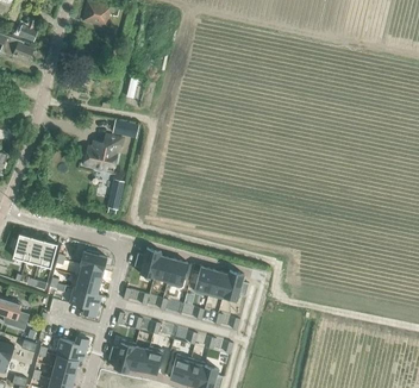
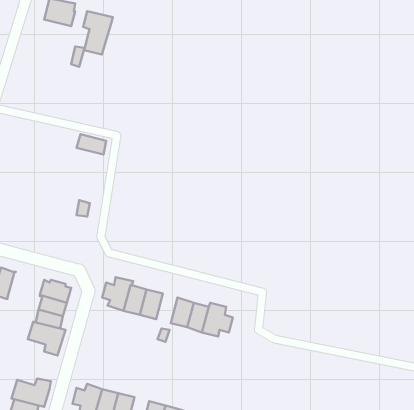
building: none -> [83,11,113,54]
building: [81,136,120,171] -> none

